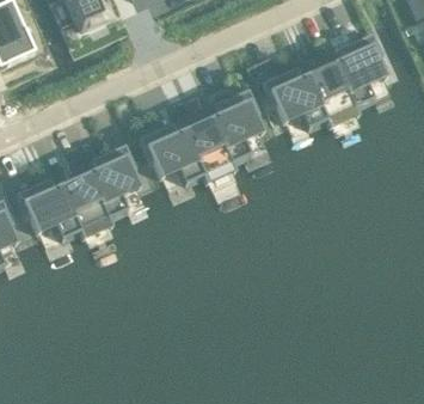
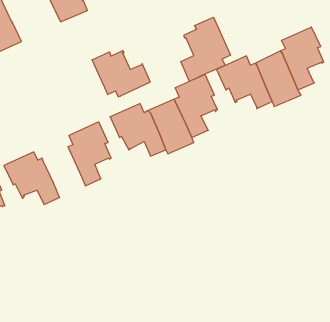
building: none -> [181,17,230,81]
building: none -> [92,50,150,97]
building: [59,172,111,235] -> none

